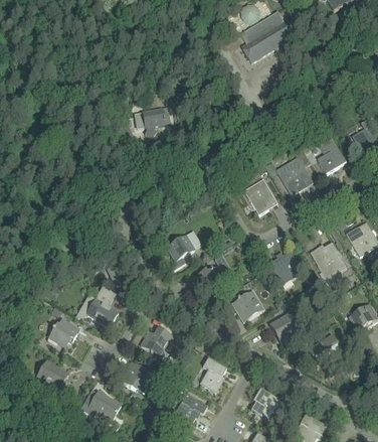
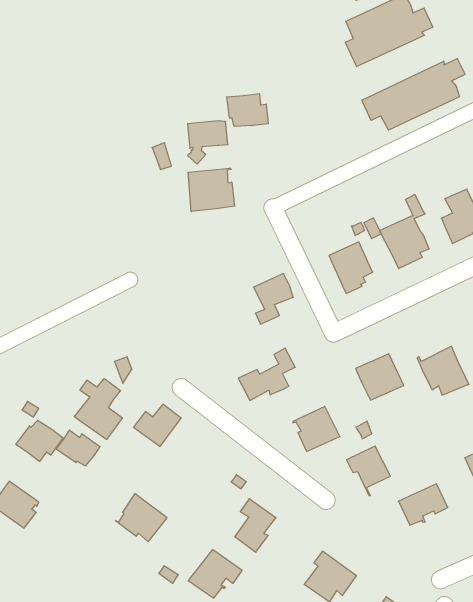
building: none -> [362,58,465,130]
building: none -> [227,94,268,126]
building: none -> [188,168,235,212]
building: [166,235,193,270] -> [253,274,293,324]
building: none -> [56,430,100,466]
building: [140,327,171,355] -> [133,404,181,446]
building: [79,390,121,419] -> none

